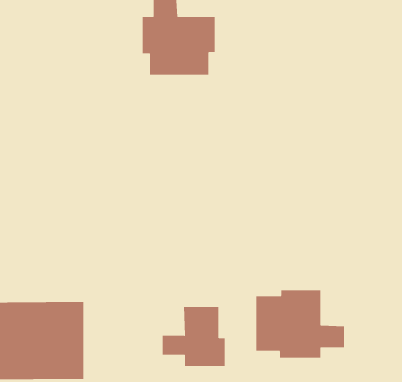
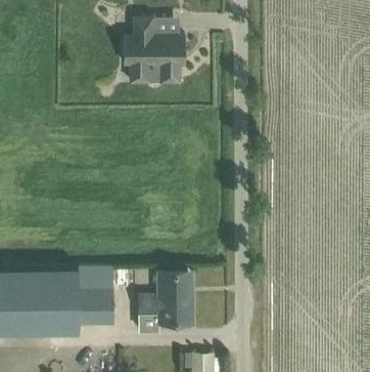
building: [256,290,345,359] -> none
building: none -> [77,267,112,323]

